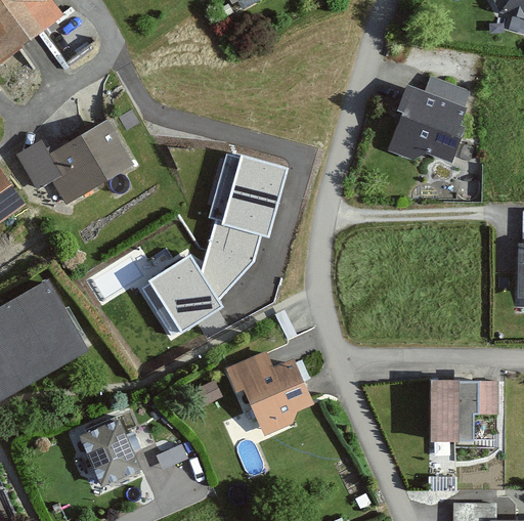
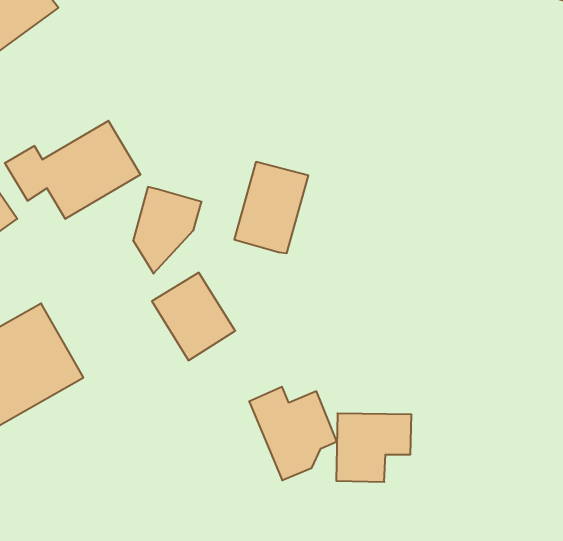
building: [383,80,475,163] -> none
building: [199,222,260,300] -> [133,187,202,274]
building: [428,379,495,440] -> [336,413,412,482]
building: [78,415,142,487] -> none

